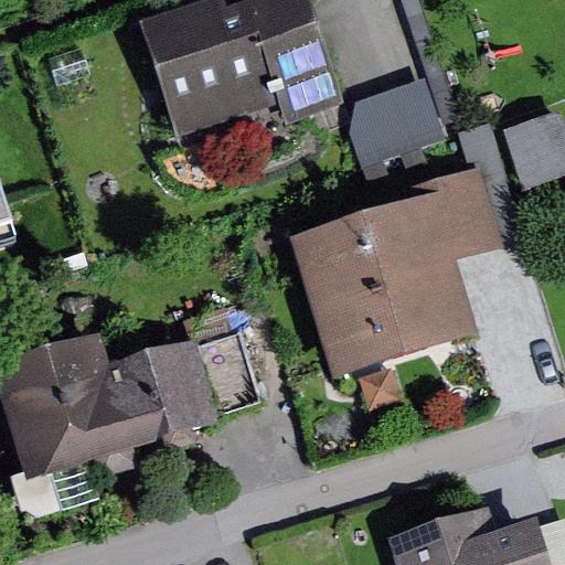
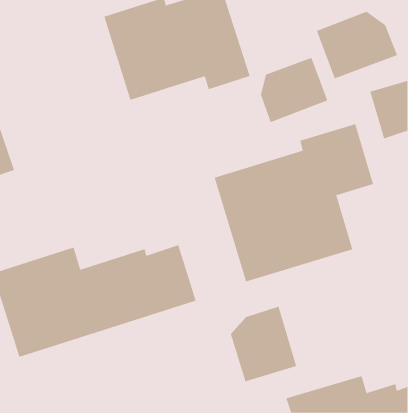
building: none -> [316,11,398,79]
building: none -> [230,306,297,382]

